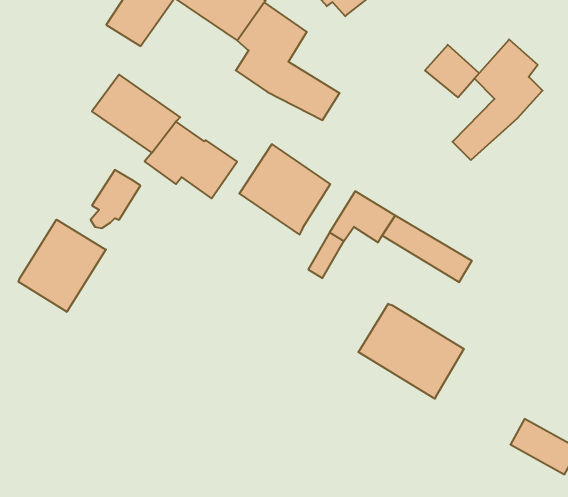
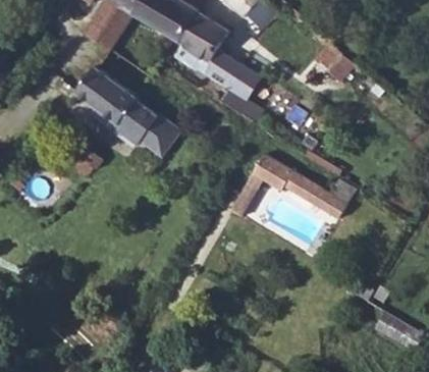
building: [452,39,543,160] -> none
building: [239,144,330,235] -> none
building: [19,220,106,312] -> none
building: [358,304,464,399] -> none

